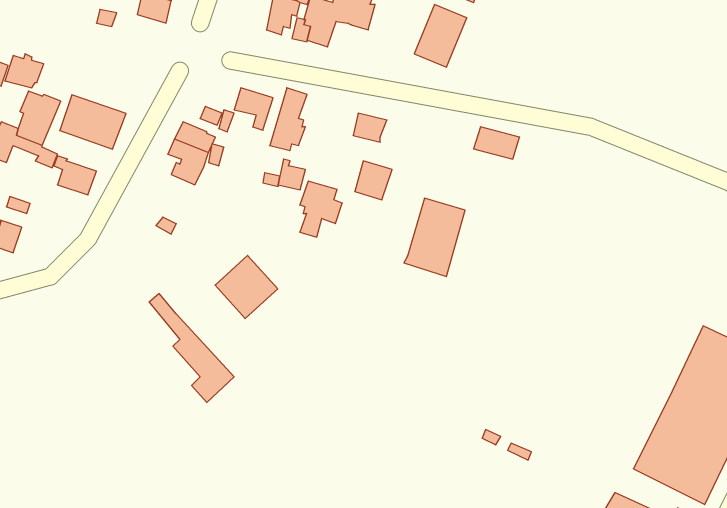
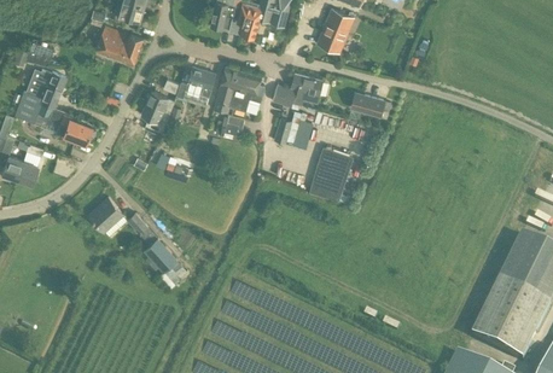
building: [60,95,126,149] -> [95,24,142,63]
building: none -> [290,72,322,104]
building: [300,181,342,237] -> [233,71,263,111]
building: [215,255,278,319] -> none
building: none -> [89,197,122,231]

